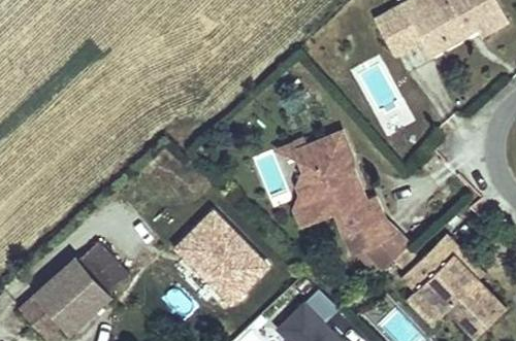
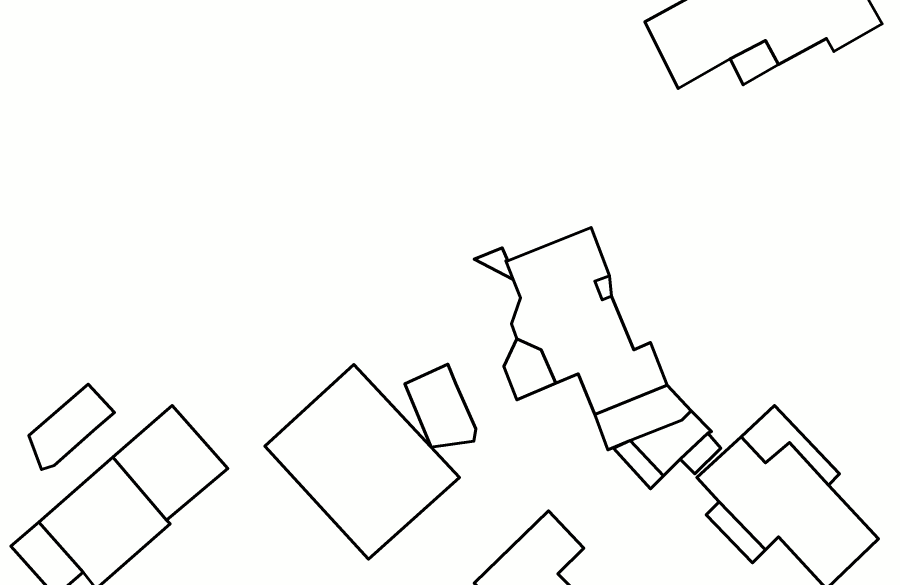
building: none -> [405,364,476,447]
building: none -> [29,384,114,469]

